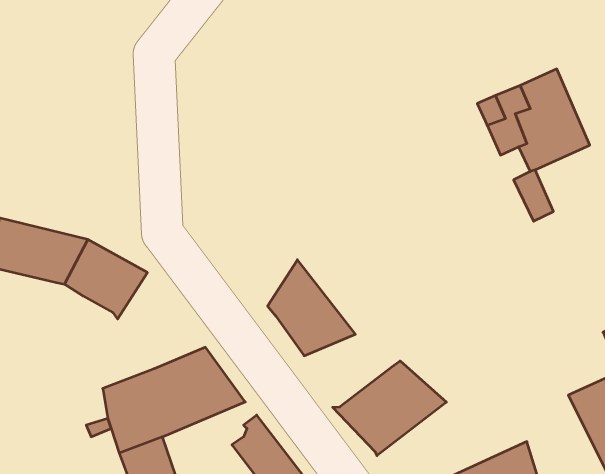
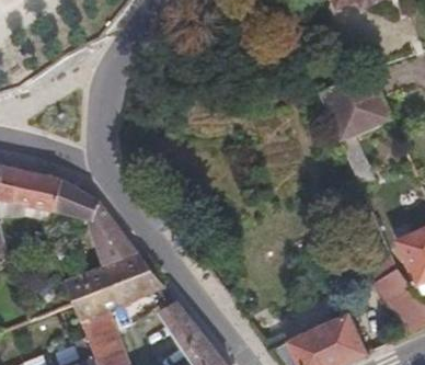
building: [268,260,355,356] -> [80,199,138,263]
building: [333,361,446,456] -> none

